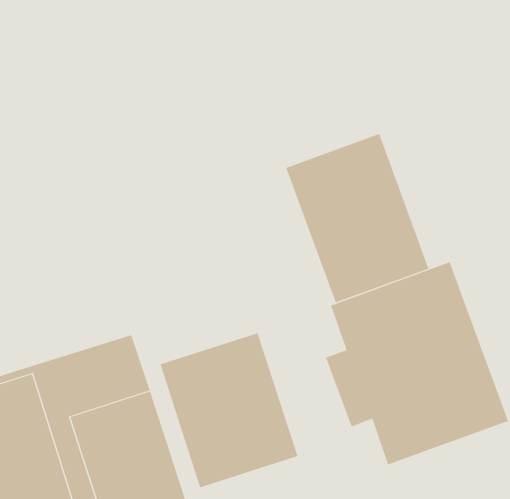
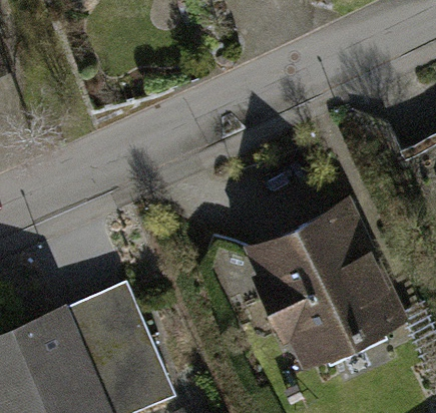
building: [286,133,429,303] -> none
building: [160,332,298,488] -> none

